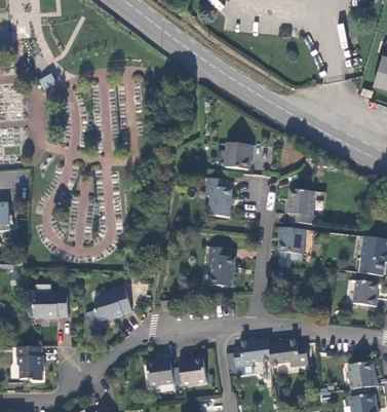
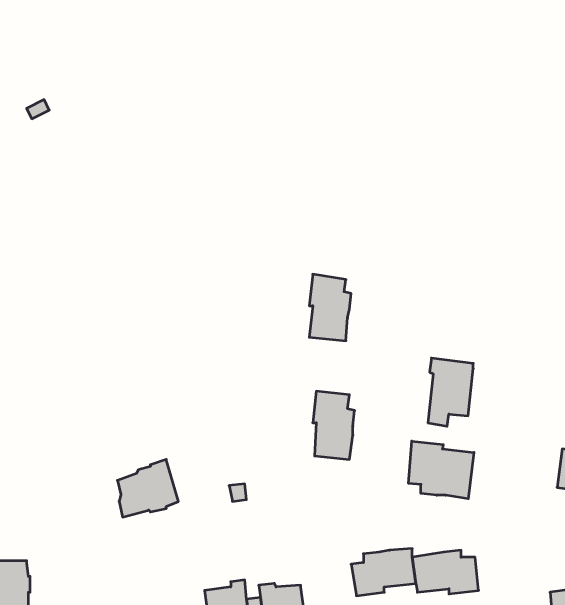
building: [224,144,253,170] -> none
building: [287,190,314,224] -> none
building: none -> [409,441,474,499]
building: [34,291,68,317] -> none

